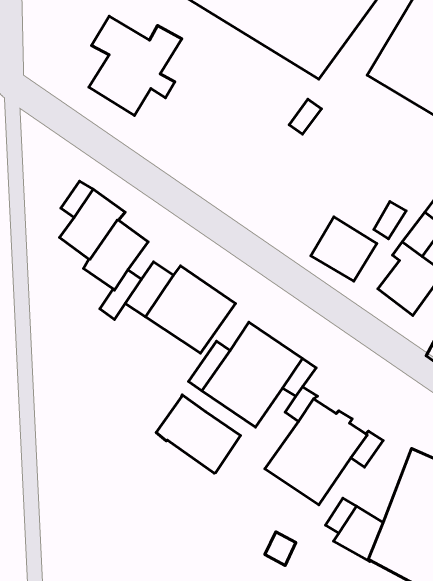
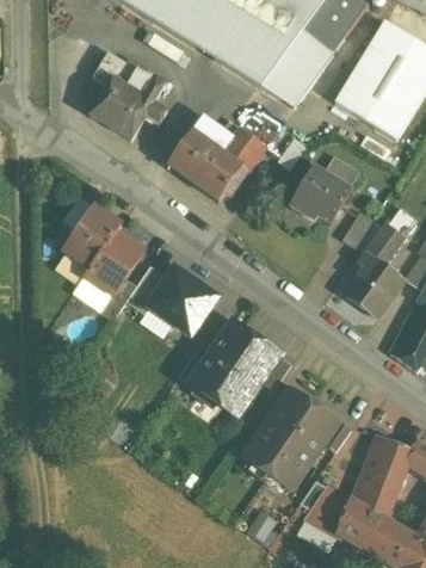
building: none -> [167,116,264,199]
building: [311,217,377,281] -> [292,165,351,222]
building: [156,395,241,473] -> none

